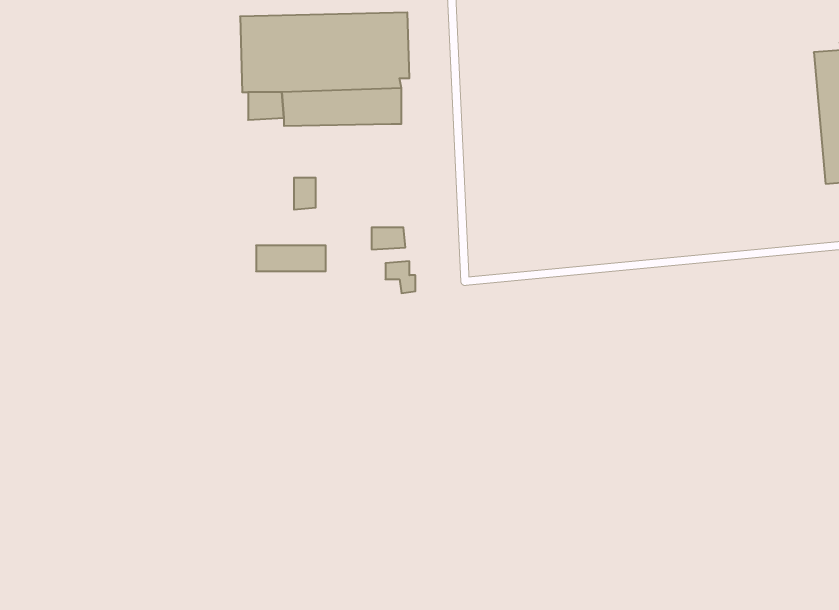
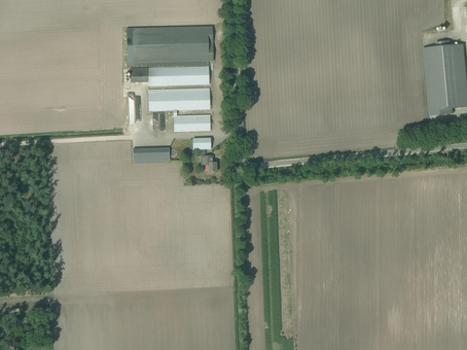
building: none -> [148,91,210,110]
building: none -> [174,114,210,131]

